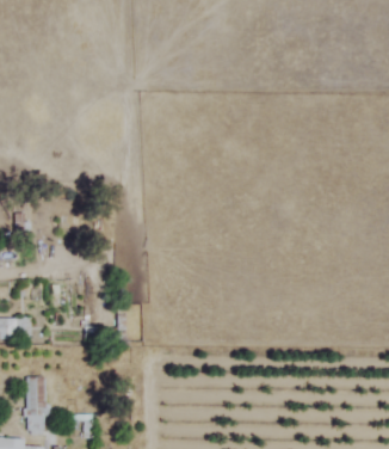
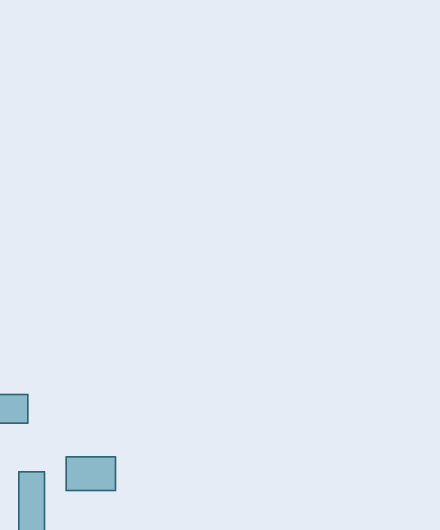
building: none -> [66,457,116,491]

